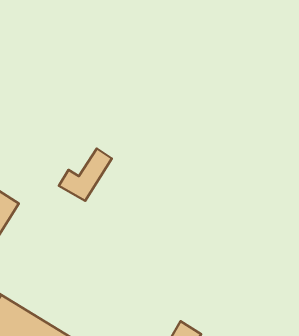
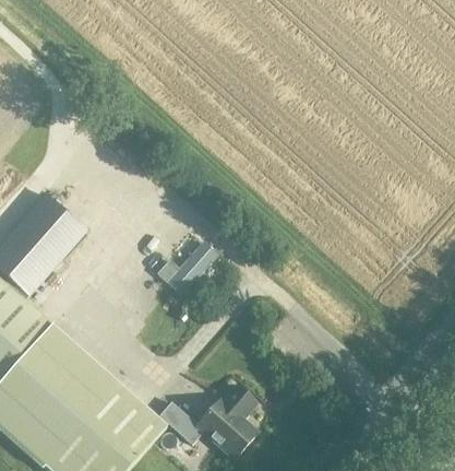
building: [59,149,112,201] -> [156,243,217,296]

